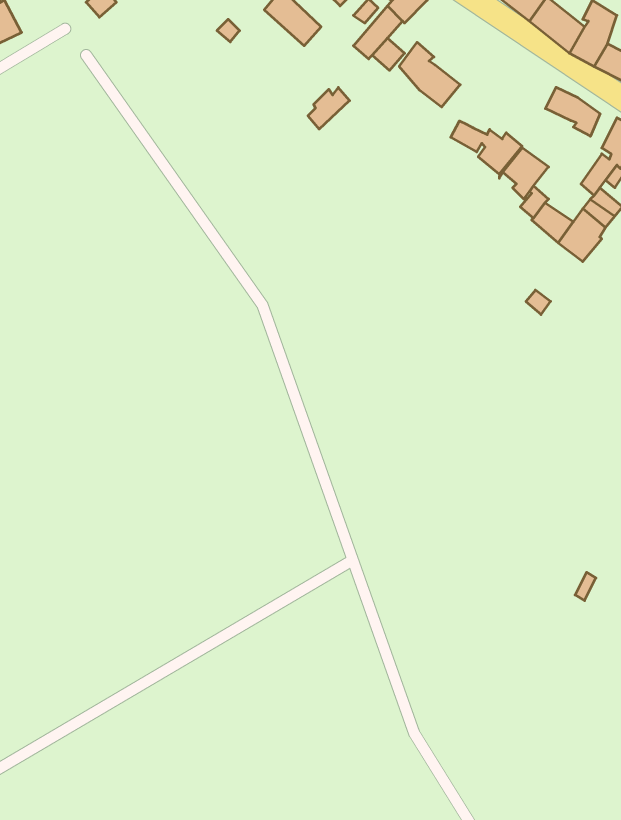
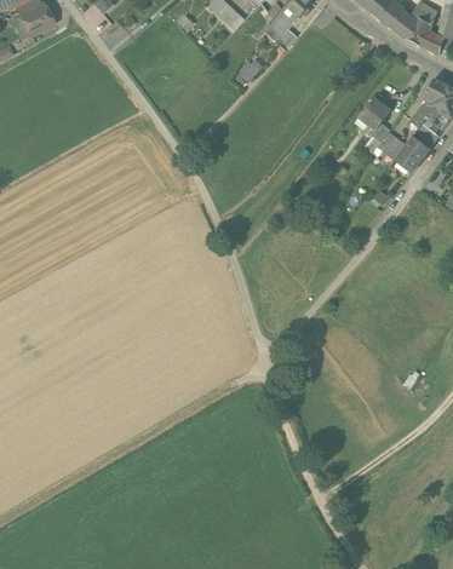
building: [399,42,460,107] -> none
building: [545,87,600,136] -> none
building: [451,121,522,174] -> none

